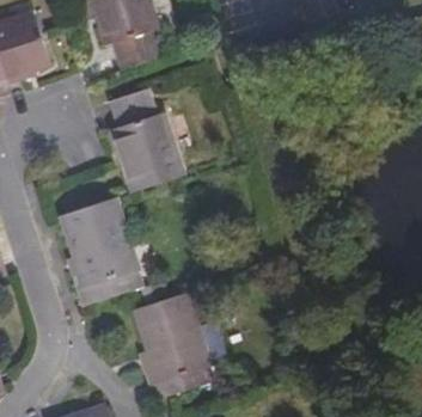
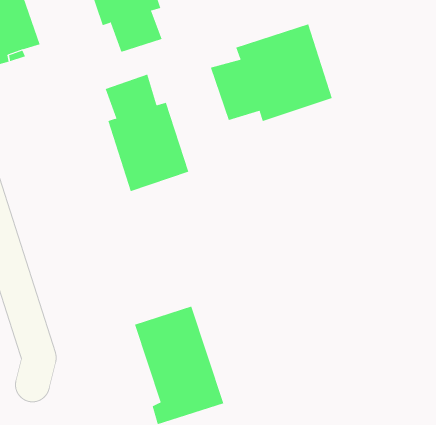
building: none -> [210,23,333,122]
building: [63,197,142,303] -> none

